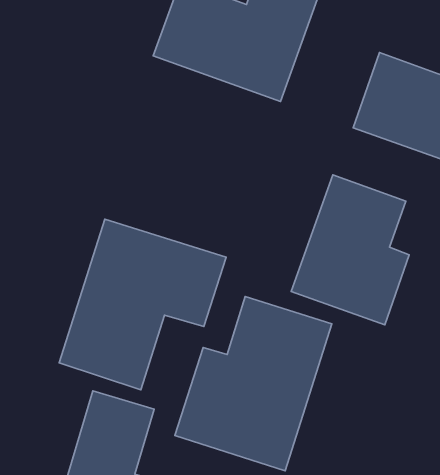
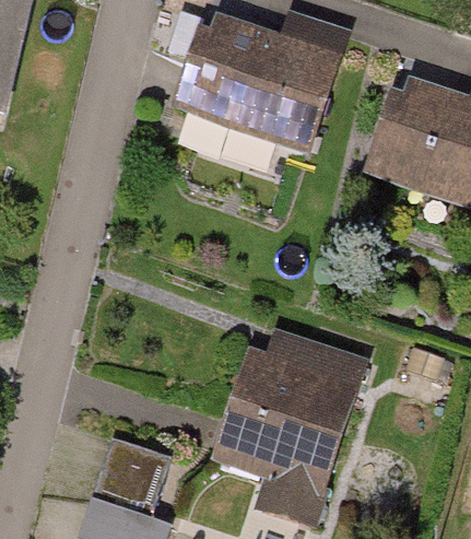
building: [291,175,409,325] -> none
building: [59,219,226,390] -> none

